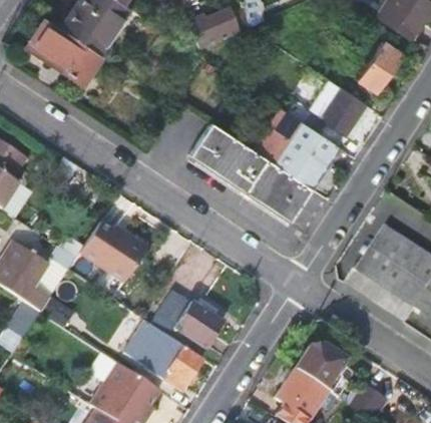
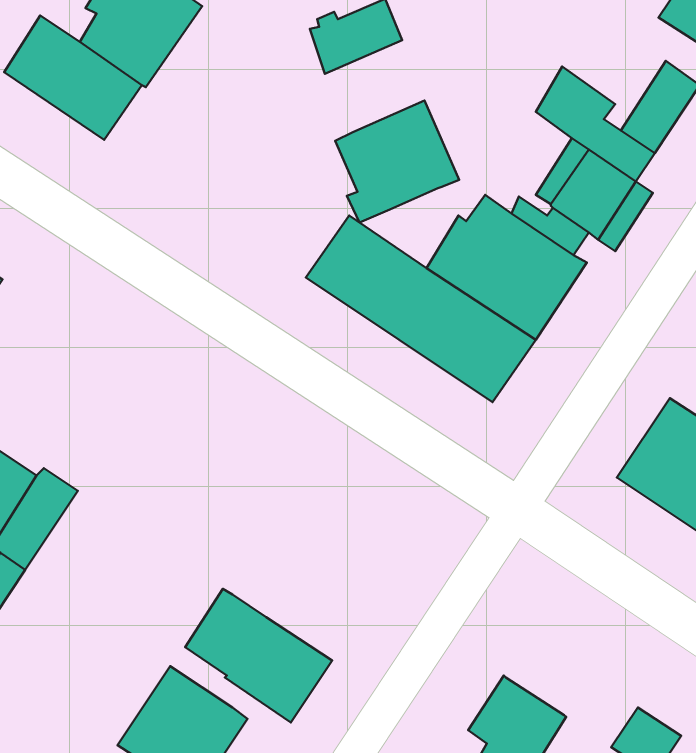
building: none -> [335,101,459,222]
building: [79,222,145,281] -> none
building: [149,290,223,351] -> none
building: [295,348,348,398] -> none

